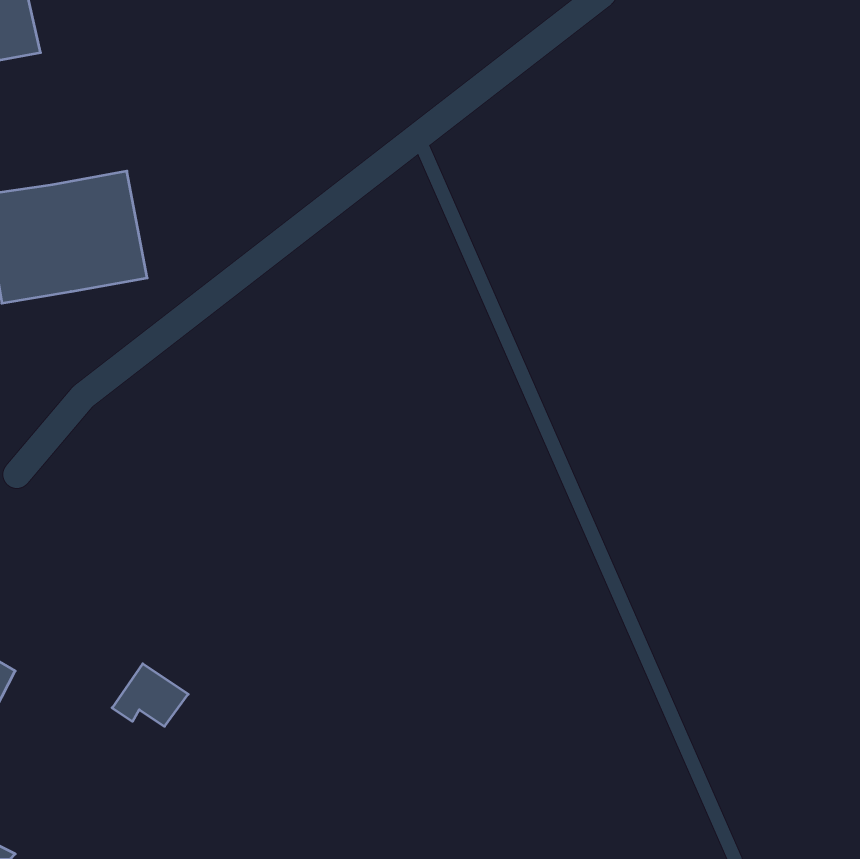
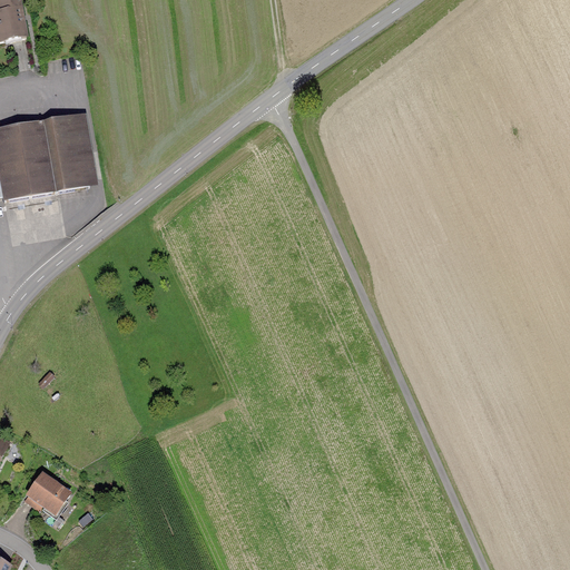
building: [112,664,188,726] -> [20,472,70,513]

